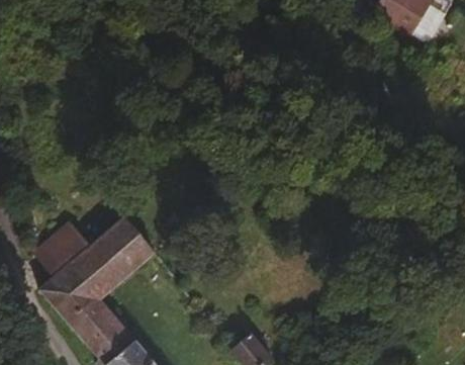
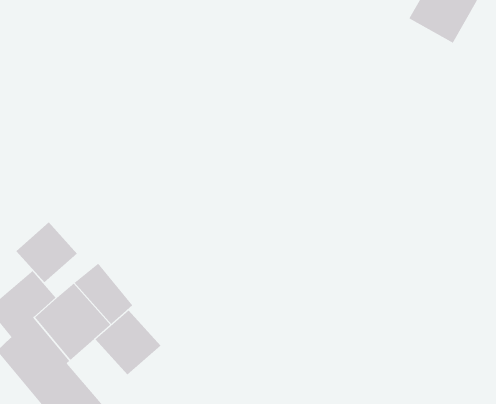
building: none -> [15,222,78,283]
building: none -> [95,309,161,376]

